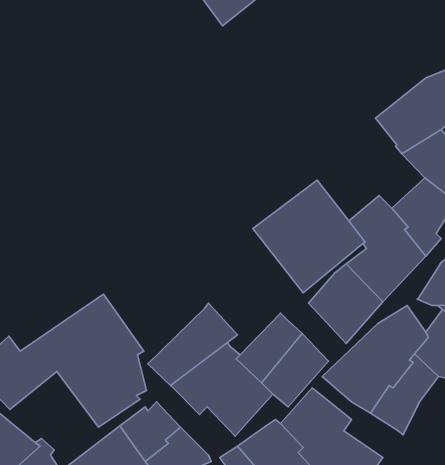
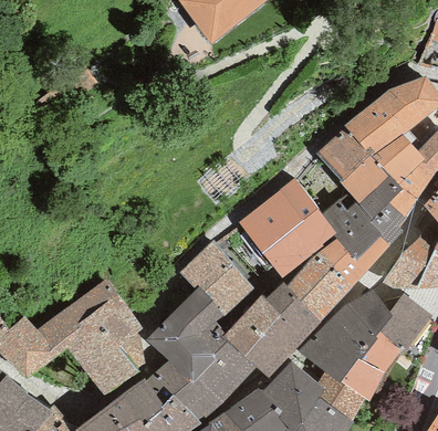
building: none -> [316,129,388,204]
building: none -> [179,228,271,315]
building: none -> [265,283,320,338]
building: none -> [154,361,222,420]
building: none -> [317,374,365,422]

